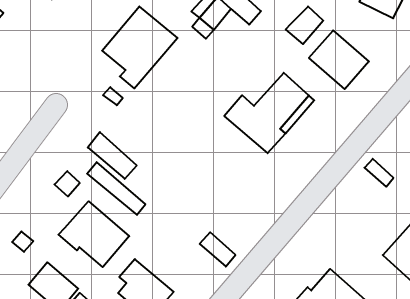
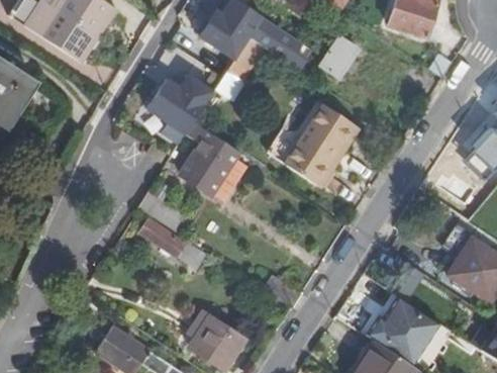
building: [309,30,369,89] -> none
building: none -> [180,122,249,201]
building: [58,201,129,267] -> none

